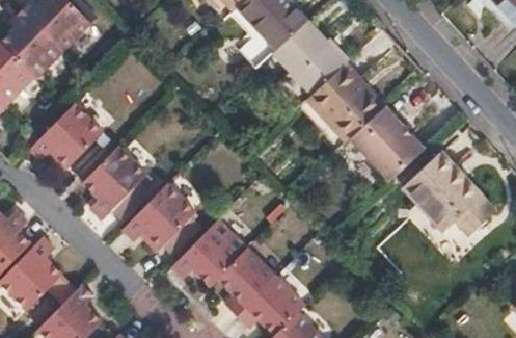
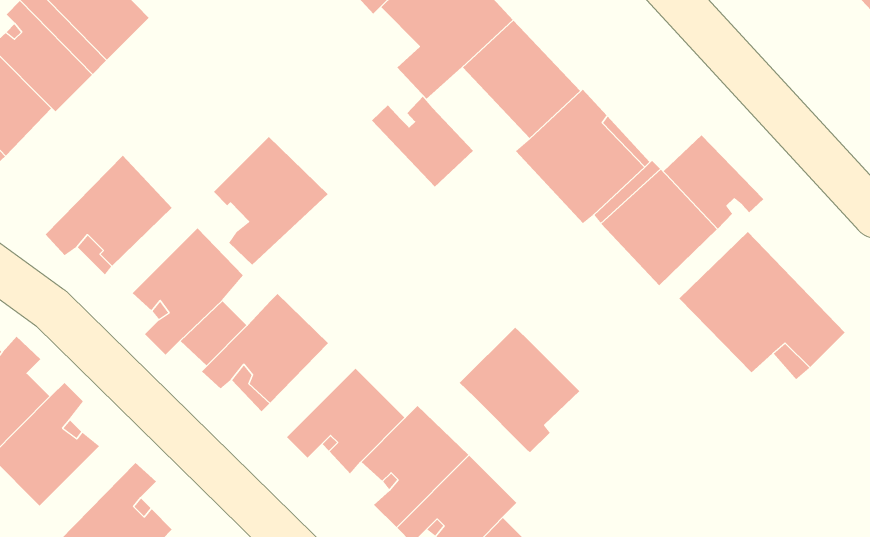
building: none -> [371,96,474,188]
building: none -> [663,135,764,229]
building: none -> [213,136,329,266]
building: none -> [459,327,580,453]

